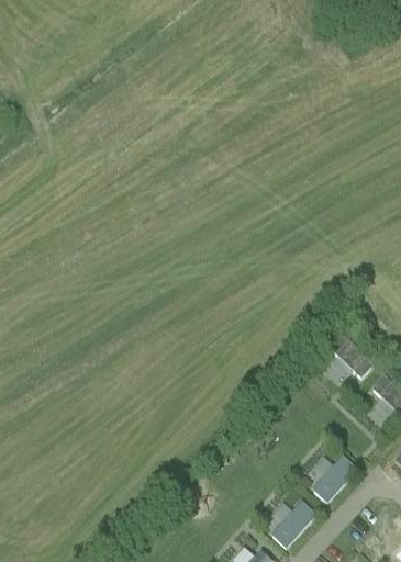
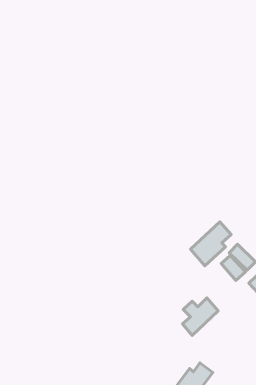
building: none -> [191,222,231,266]
building: [310,452,358,503] -> [182,298,218,335]

